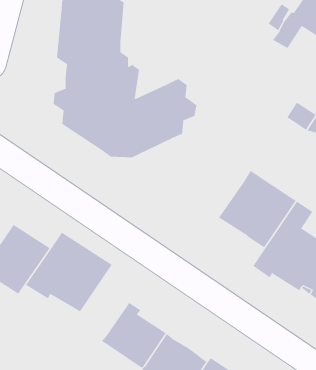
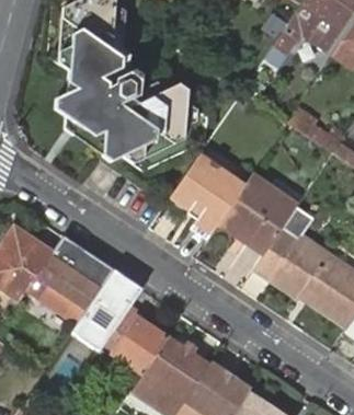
building: none -> [172,155,244,240]
building: none -> [79,269,142,339]

